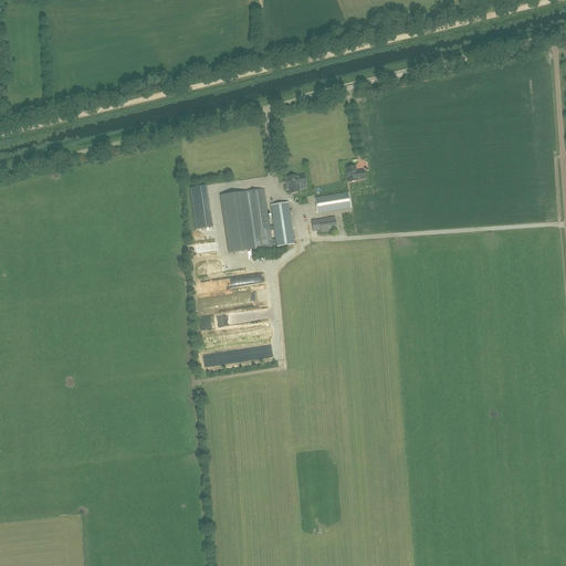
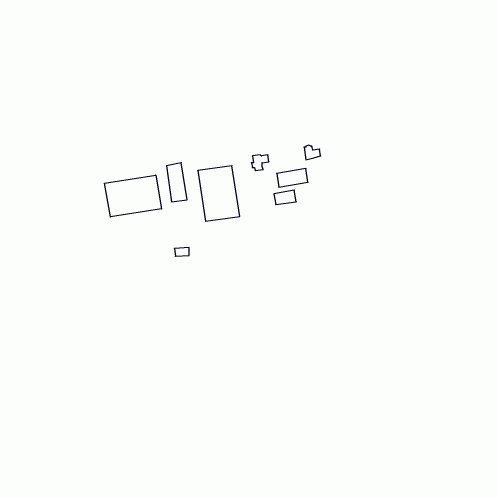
building: none -> [105,175,162,217]
building: [270,202,293,245] -> none

